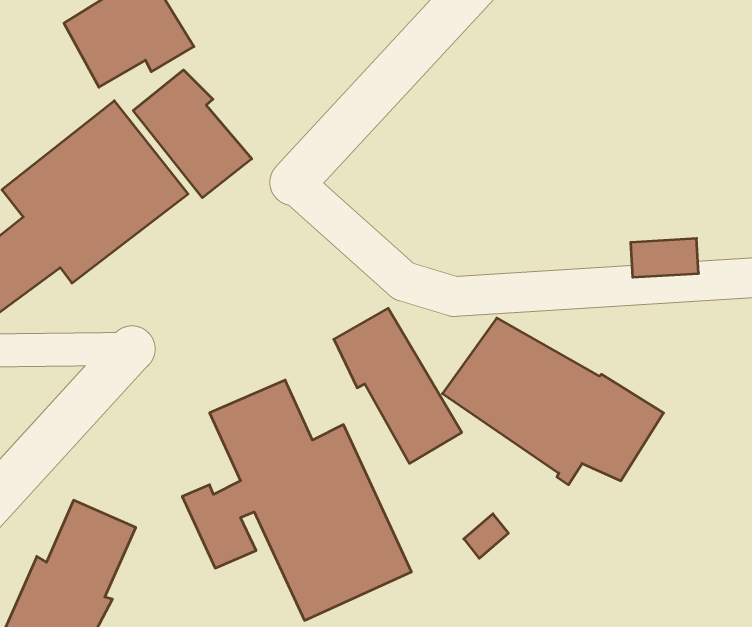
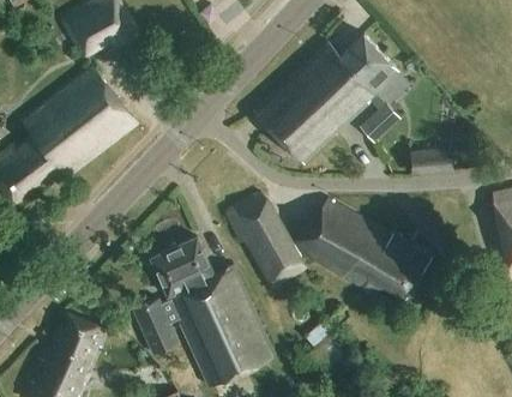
building: none -> [255,35,402,164]
building: [133,70,252,198] -> none

